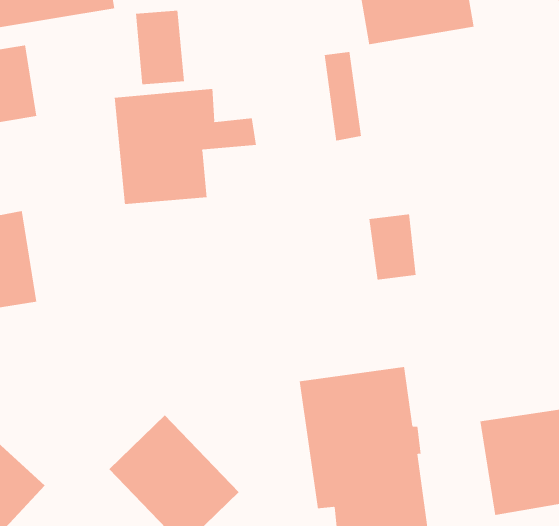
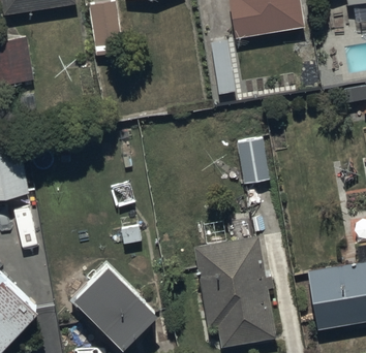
building: [114,88,256,205] -> none

